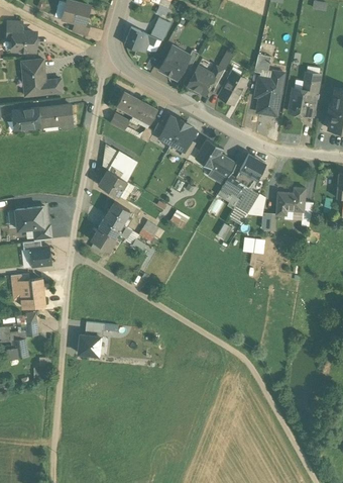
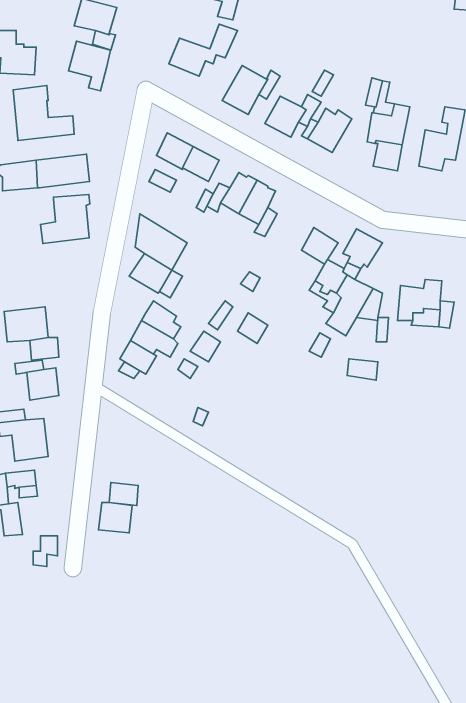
building: none -> [68,41,110,91]
building: none -> [41,194,90,244]
building: [195,138,223,168] -> none

